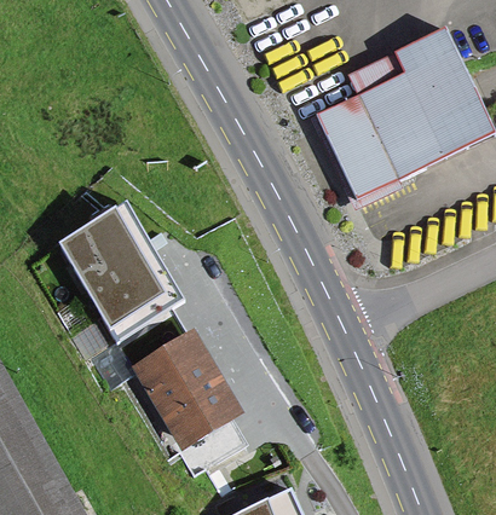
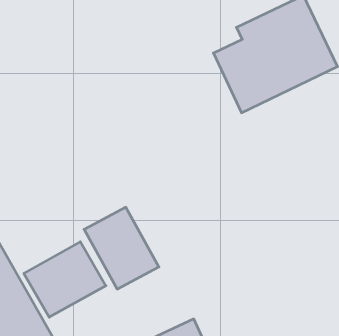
building: [60,207,183,341] -> none
building: none -> [24,242,106,317]

